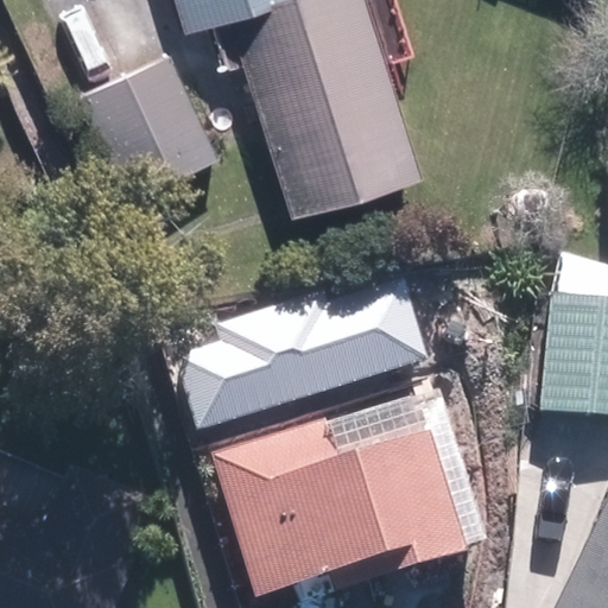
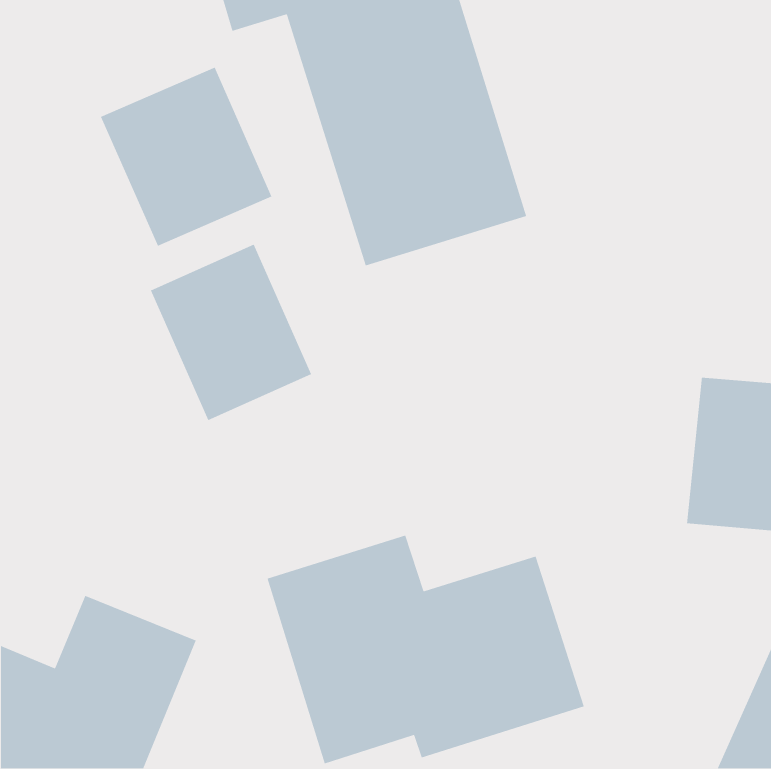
building: none -> [150,243,312,421]
building: [178,272,430,423] -> none

